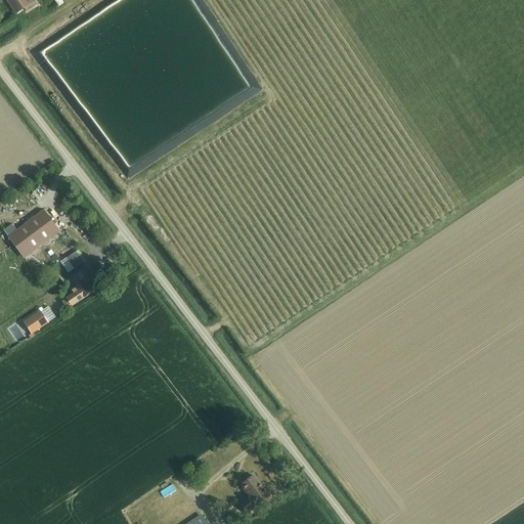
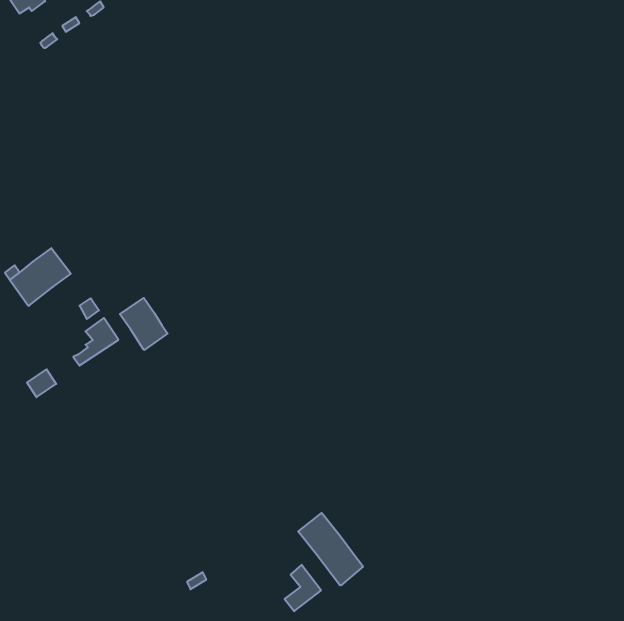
building: none -> [120,298,168,350]
building: none -> [298,513,363,585]

